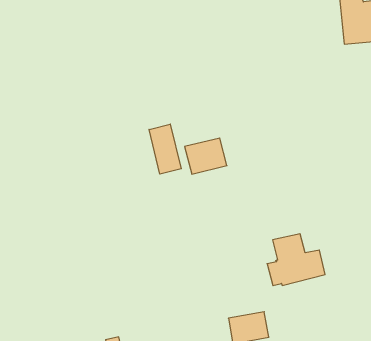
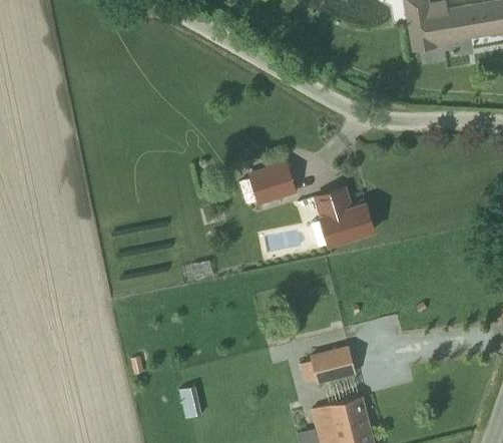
building: [149,124,181,174] -> none
building: [267,234,325,286] -> [312,187,375,246]

